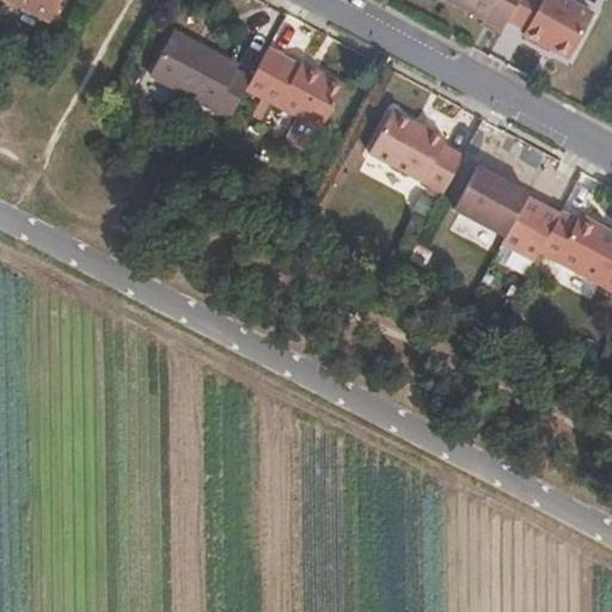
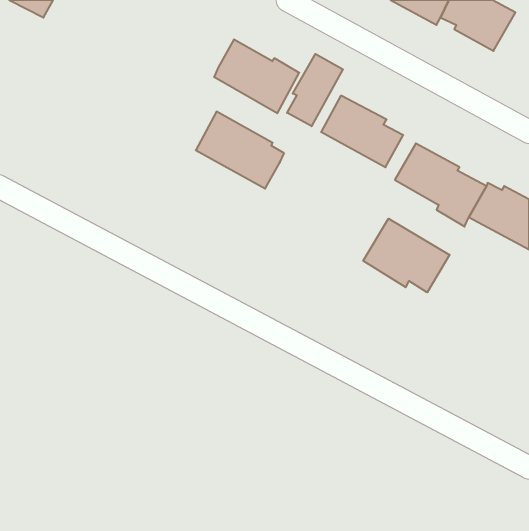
building: [149,30,251,118] -> [196,112,284,189]
building: none -> [287,54,343,126]
building: none -> [363,219,450,292]

